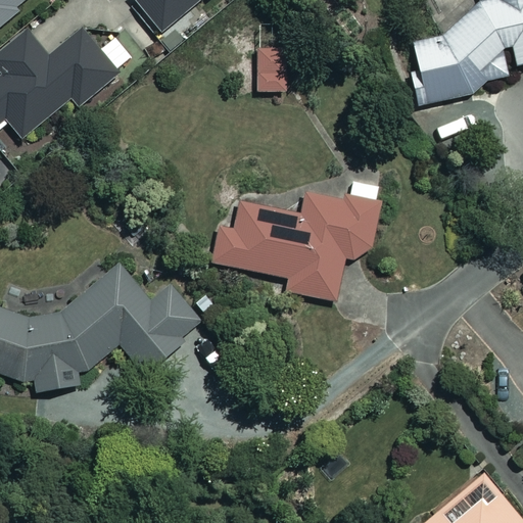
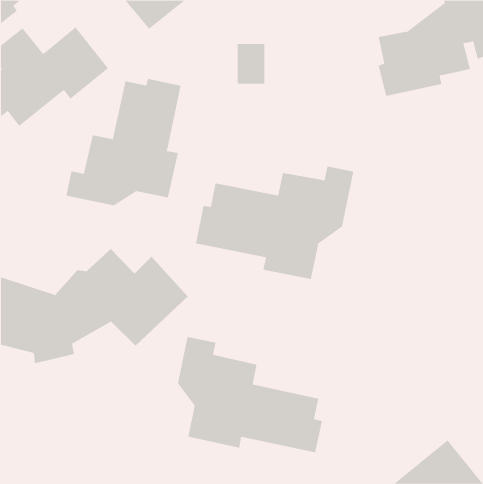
building: none -> [66,78,181,206]
building: none -> [177,336,322,453]

